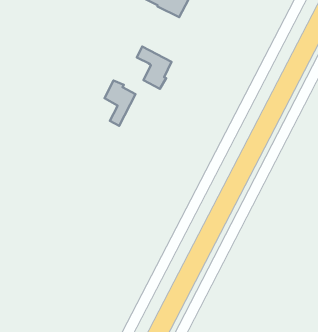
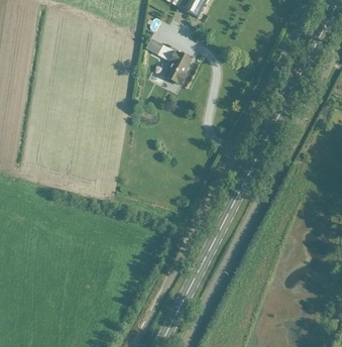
building: [104,80,136,126] -> none

